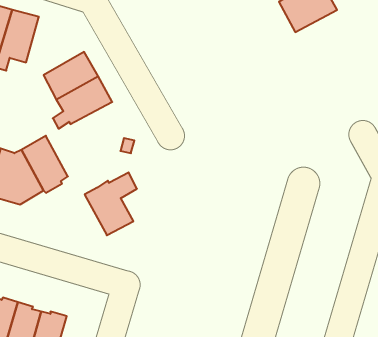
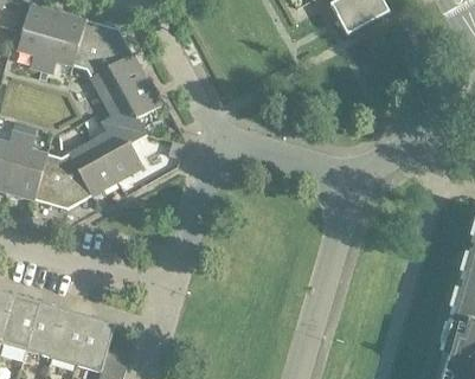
building: none -> [72,19,131,78]
building: [85,172,137,235] -> [92,117,146,181]

